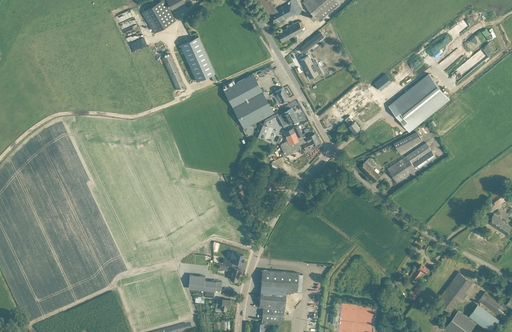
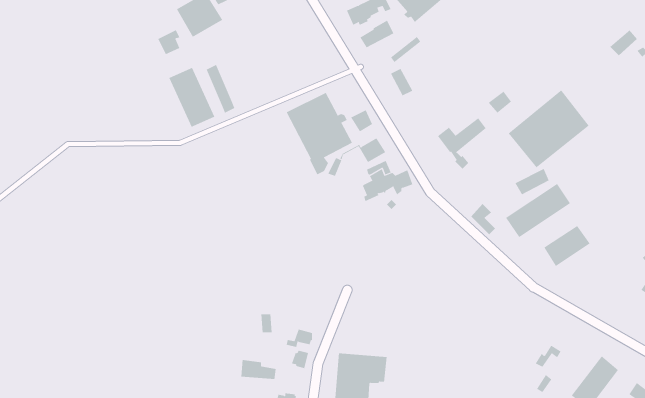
building: [179,36,214,81] -> [168,67,215,127]
building: none -> [543,225,591,267]

